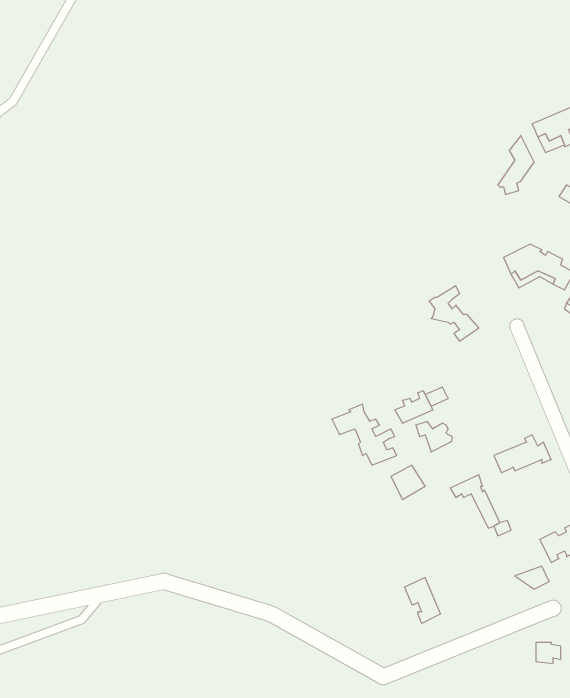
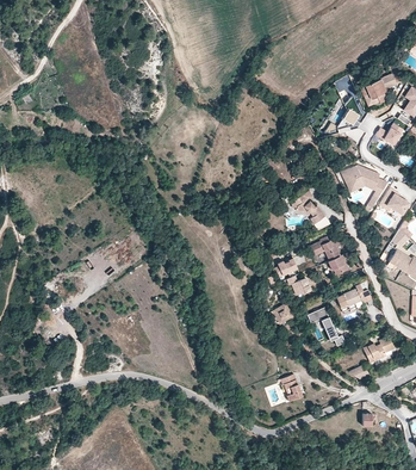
building: [332,404,397,465] -> [309,236,349,274]

